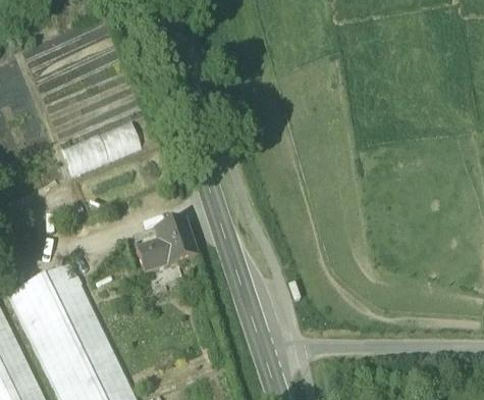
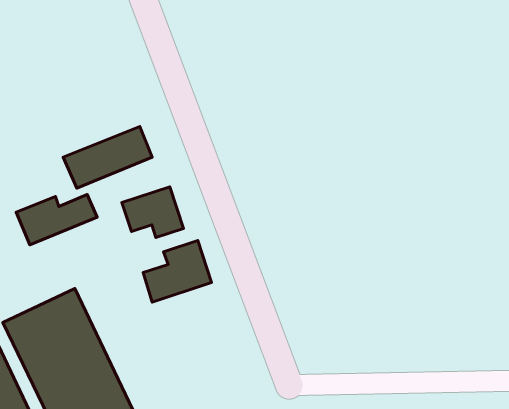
building: none -> [122,187,184,237]
building: none -> [16,195,97,245]

